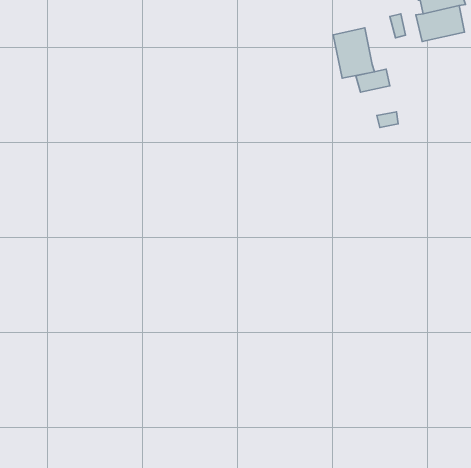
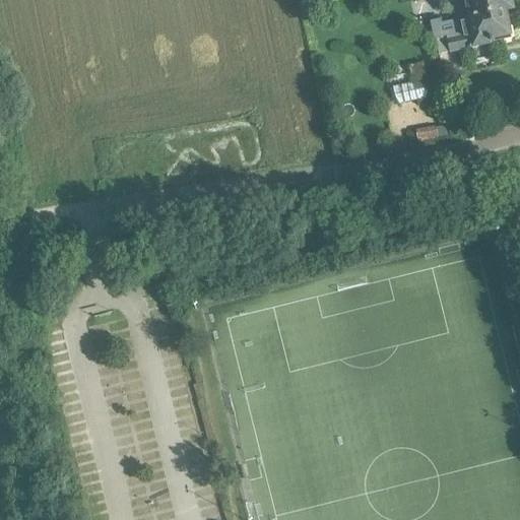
building: [333,28,375,78] -> none

